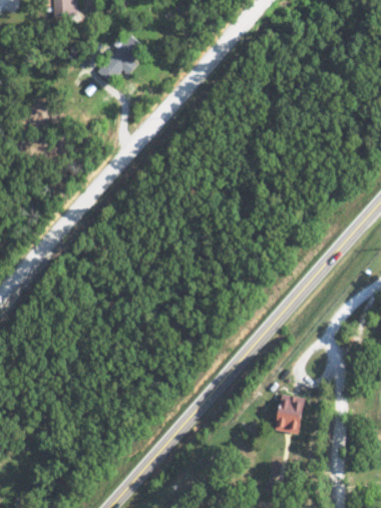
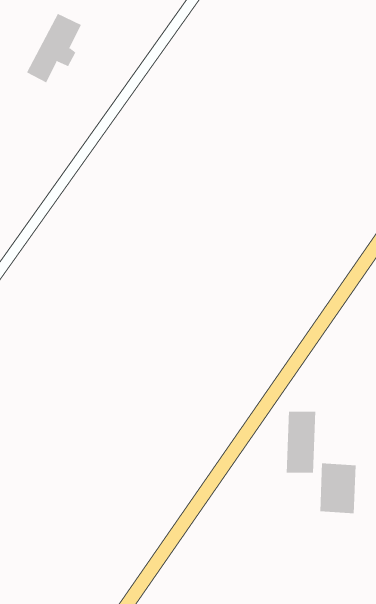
building: none -> [286,411,316,473]

